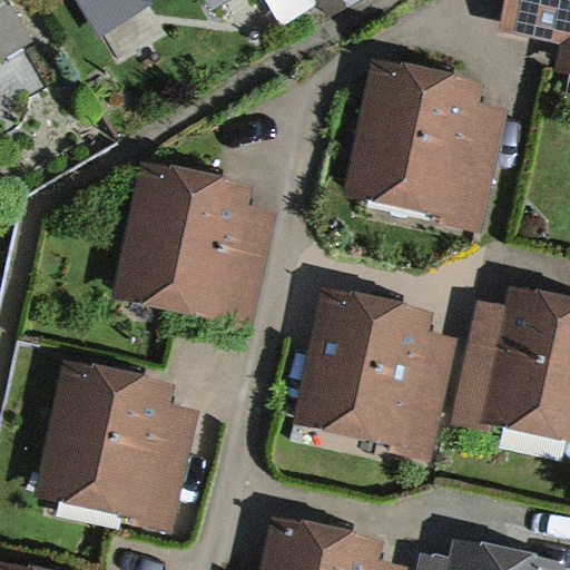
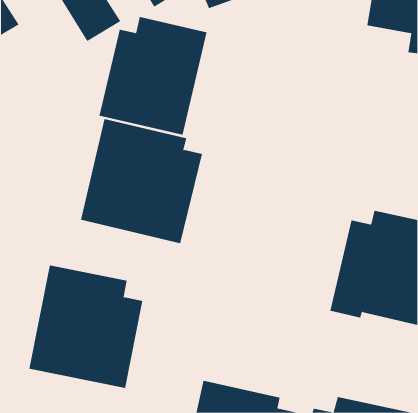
building: none -> [99,16,207,136]
building: [343,58,503,227] -> none
building: [295,287,458,456] -> none

